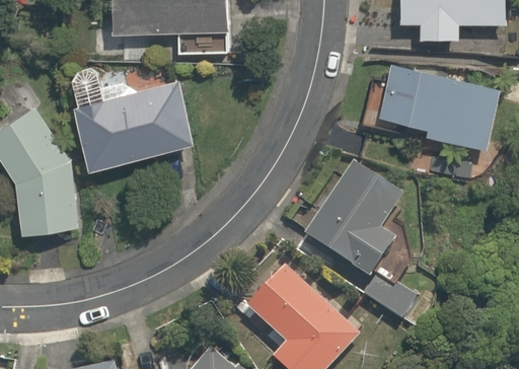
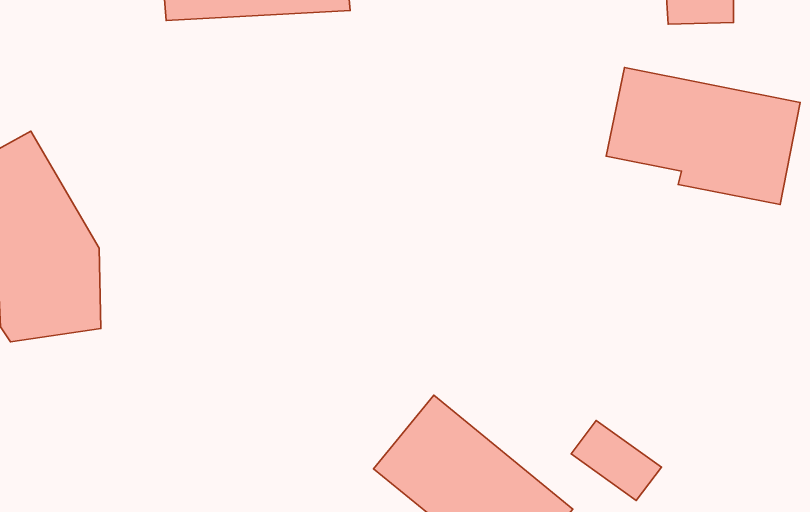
building: [80,80,194,162] -> none
building: [307,165,400,279] -> none

